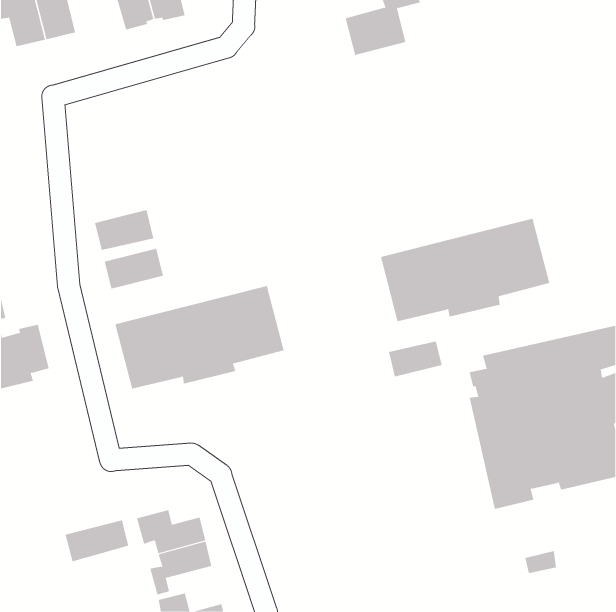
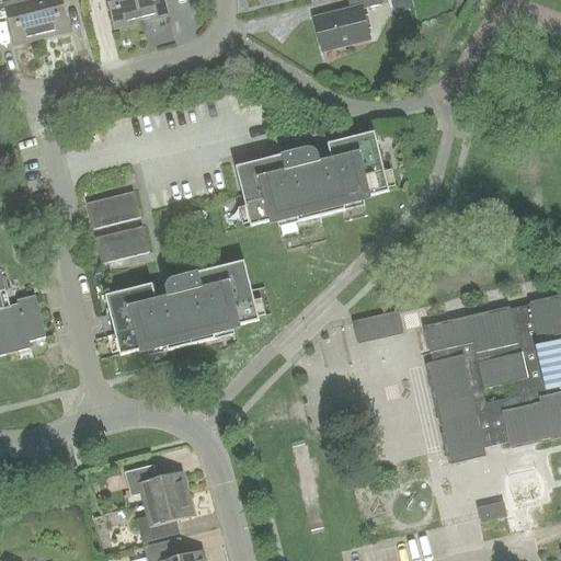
building: [380,218,550,322] -> [234,130,389,225]
building: [65,519,129,562] -> none

